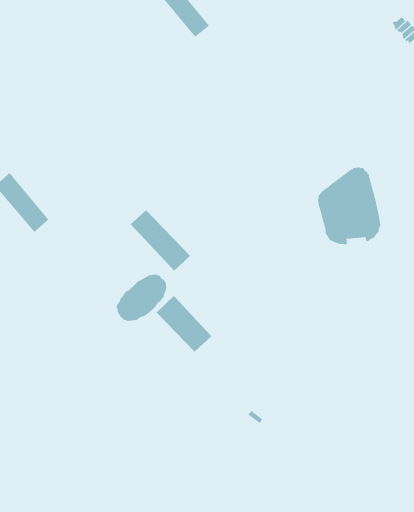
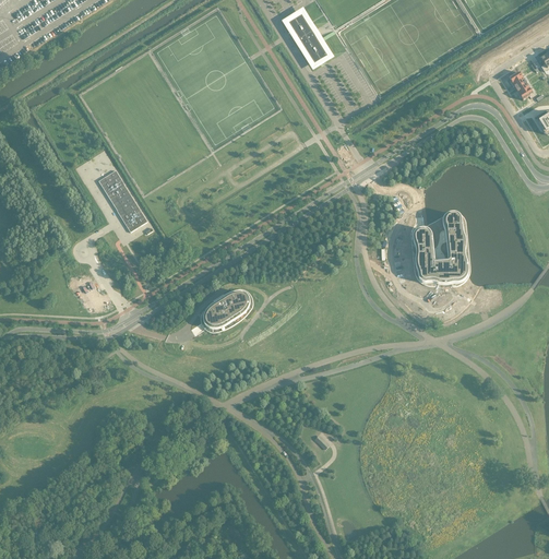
building: [130,209,191,272] -> none
building: [156,295,212,352] -> none

